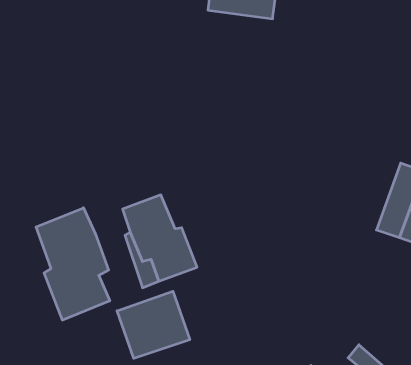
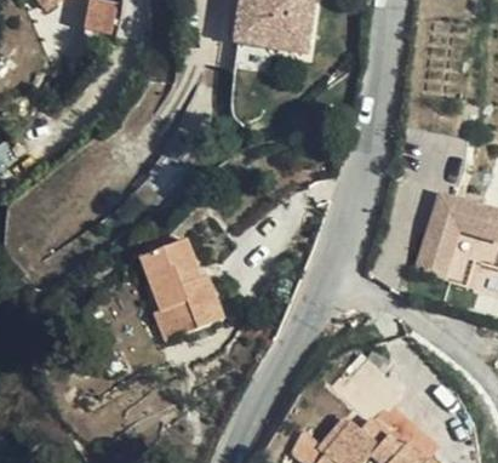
building: [36,208,110,320] -> none
building: [117,291,190,358] -> none

